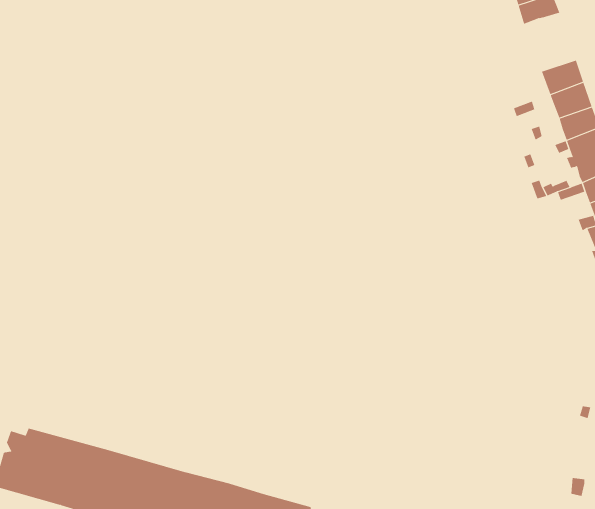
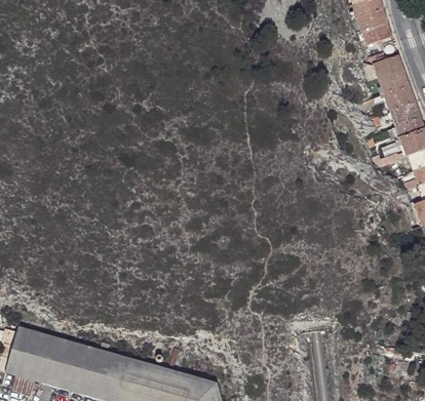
building: none -> [370,52,404,81]

